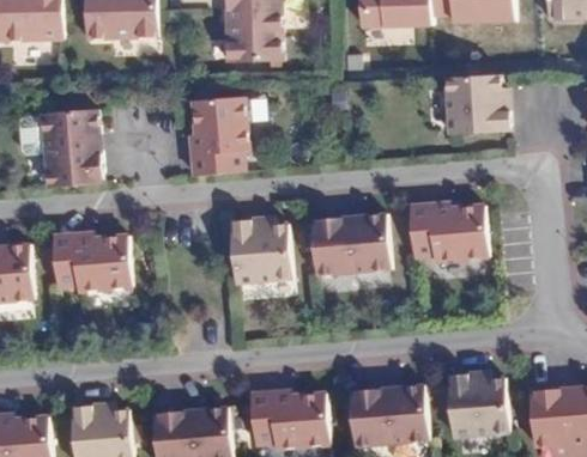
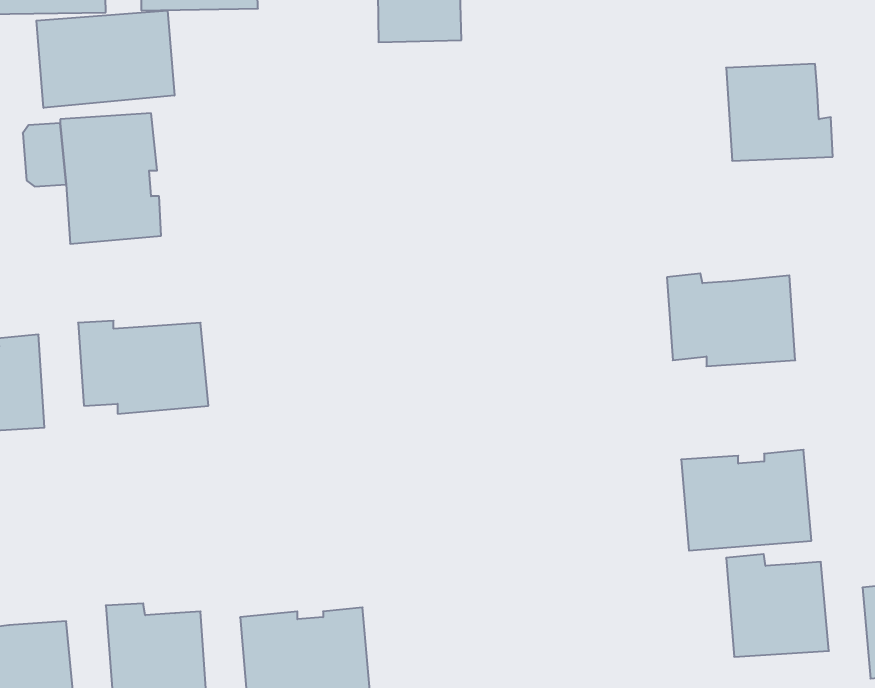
building: none -> [36,10,174,108]
building: [192,95,248,173] -> none
building: [310,213,389,274] -> none
building: [229,218,290,280] -> none
building: [346,384,425,445] -> [681,450,811,551]
building: [248,391,326,447] -> none

